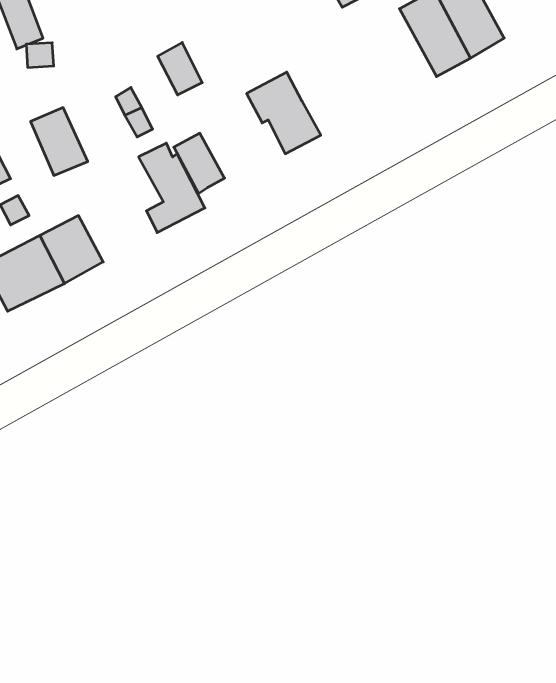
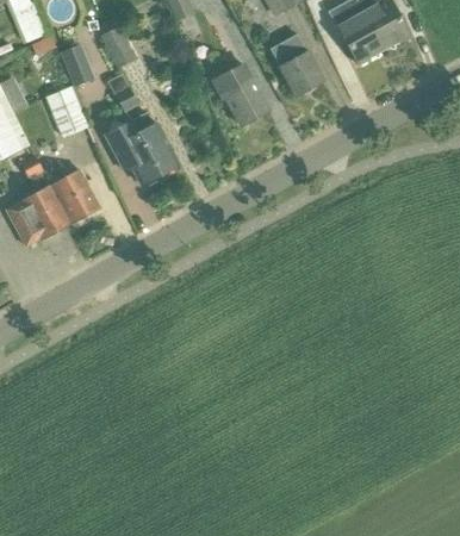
building: none -> [269,32,322,94]
building: [158,42,202,95] -> [101,24,136,64]
building: none -> [62,43,94,83]
building: [174,133,225,194] -> [106,125,145,172]

